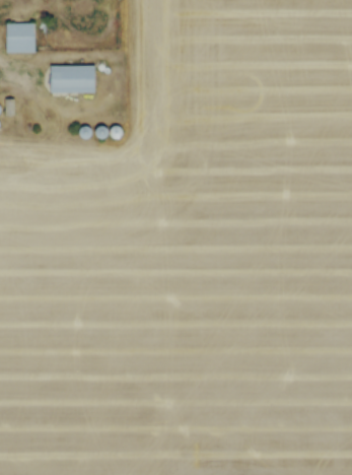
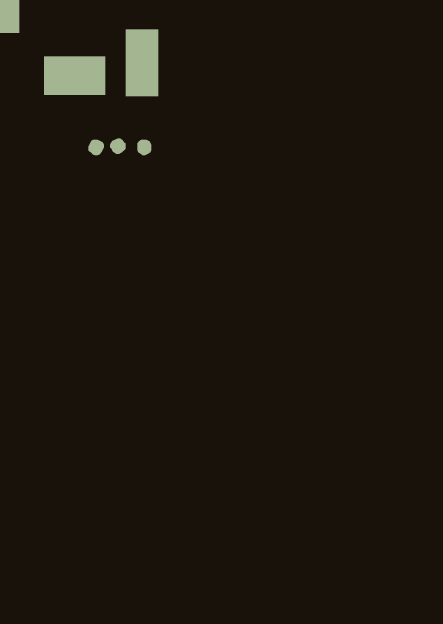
building: none -> [125,28,159,97]

